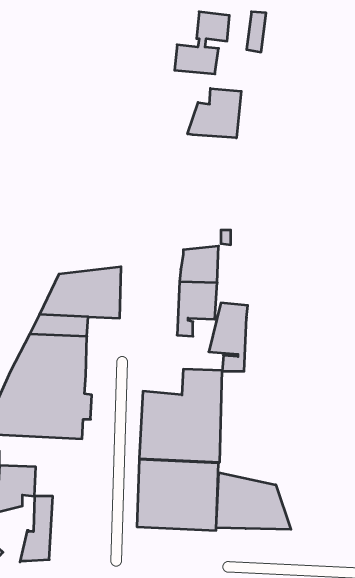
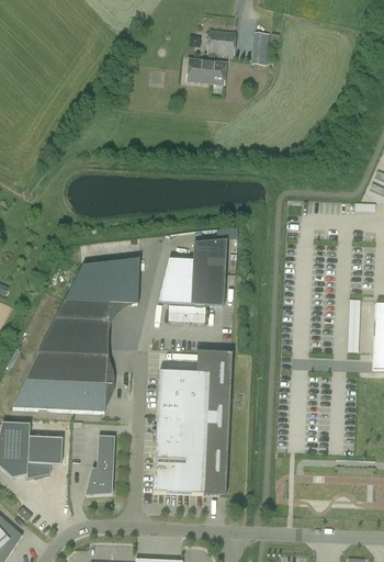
building: [188,88,241,138] -> none
building: [209,303,248,371] -> [158,257,193,318]
building: [216,473,291,529] -> none
building: [20,496,53,562] -> [86,435,115,494]

